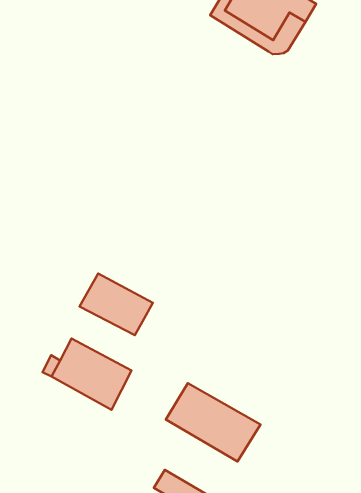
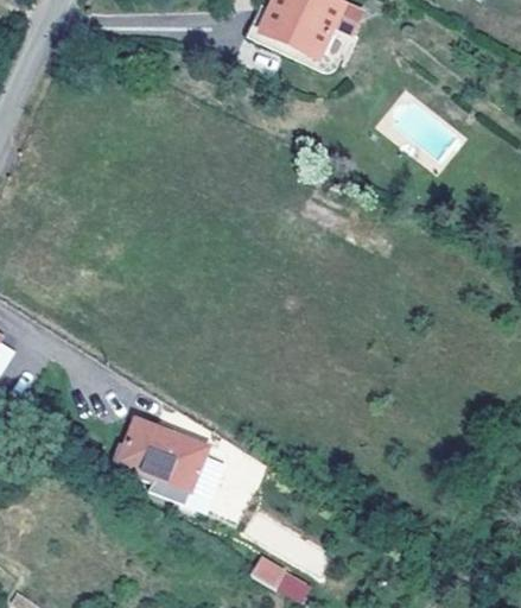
building: [80,273,153,335] -> none
building: [166,383,260,461] -> none

